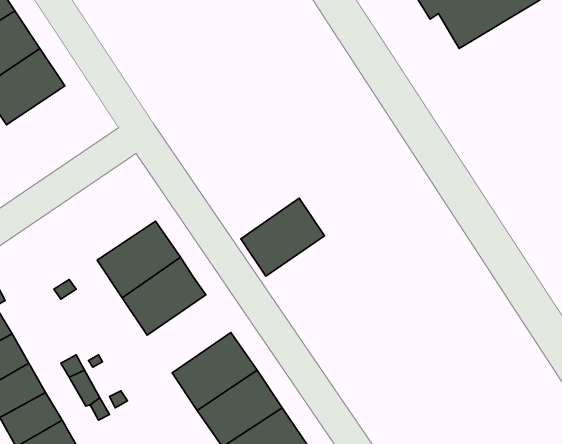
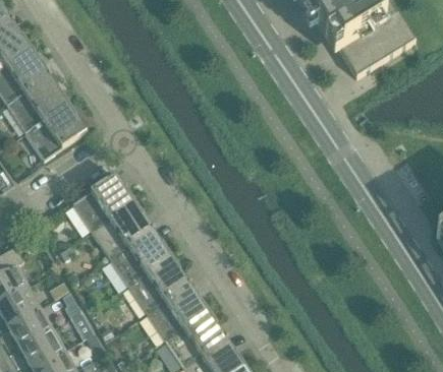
building: none -> [23,102,86,159]
building: none -> [71,172,132,229]
building: [241,198,324,276] -> [126,254,187,311]

